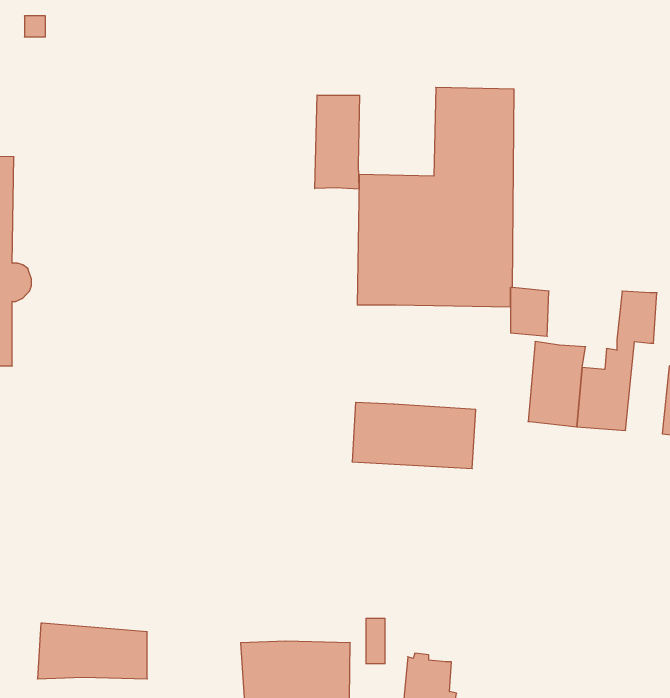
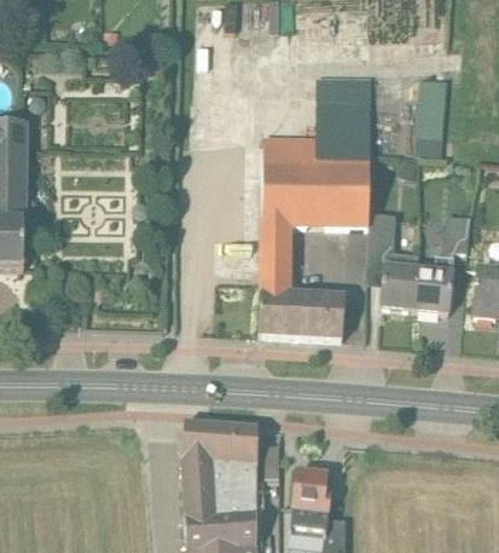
building: none -> [418,75,447,150]
building: [315,95,360,189] -> none
building: none -> [260,225,288,294]
building: [37,623,147,679] -> [180,421,256,460]

